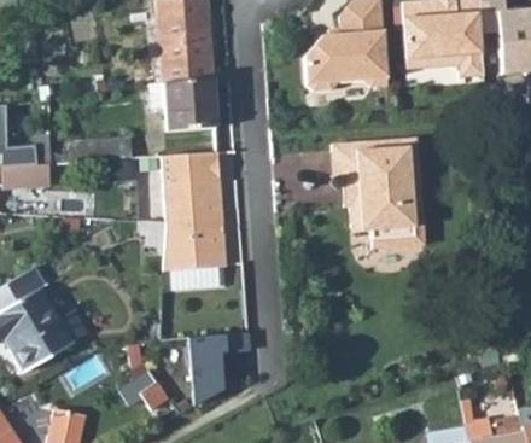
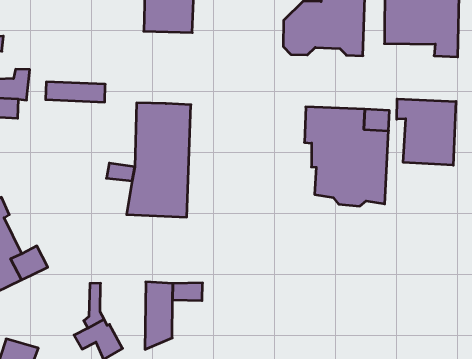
building: [146,80,215,132] -> none
building: none -> [397,99,456,165]

